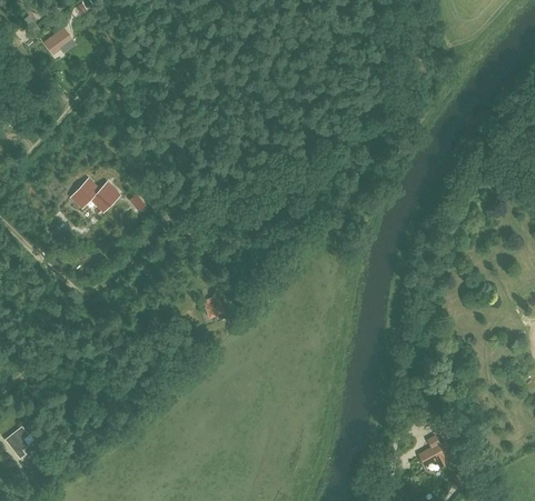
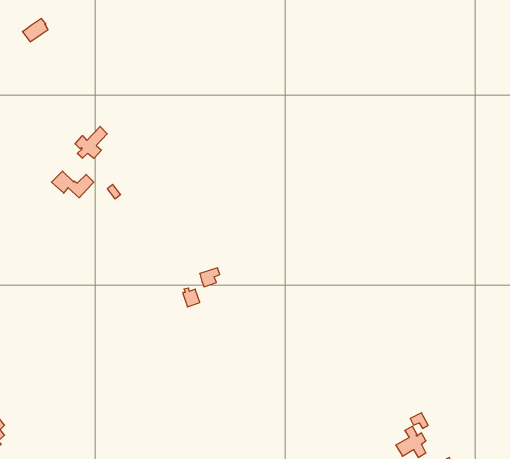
building: none -> [75,126,107,158]

